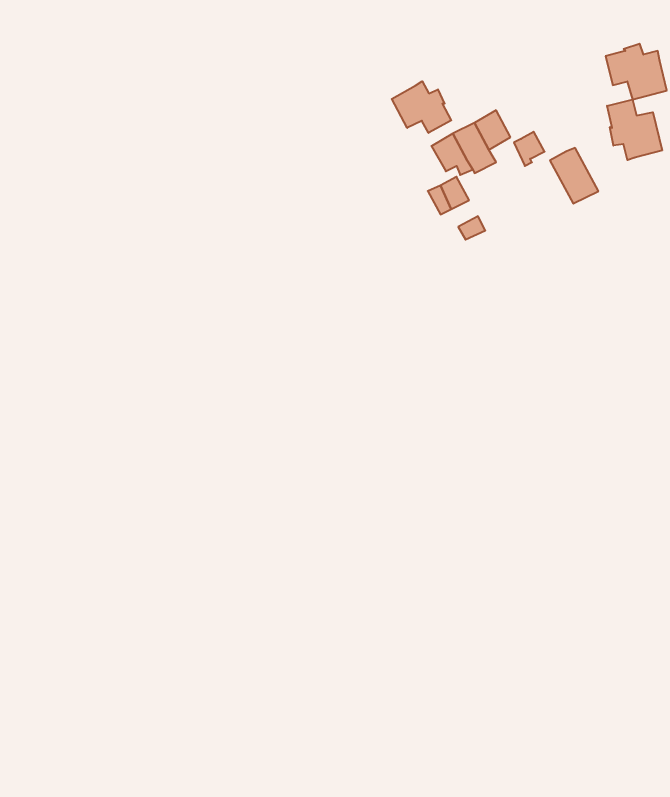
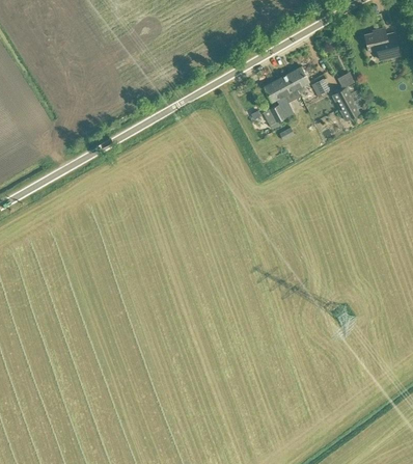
building: [392,81,451,133] -> none
building: [607,99,662,160] -> none

